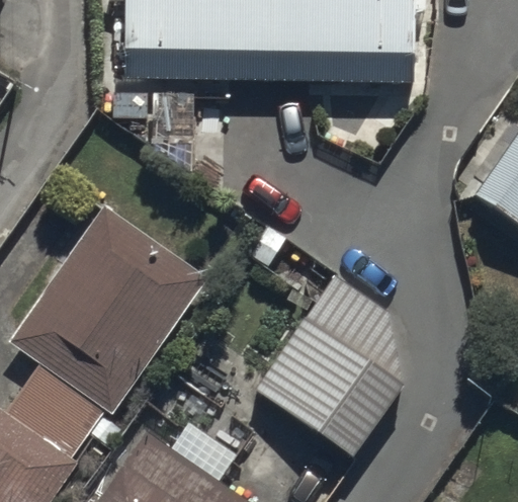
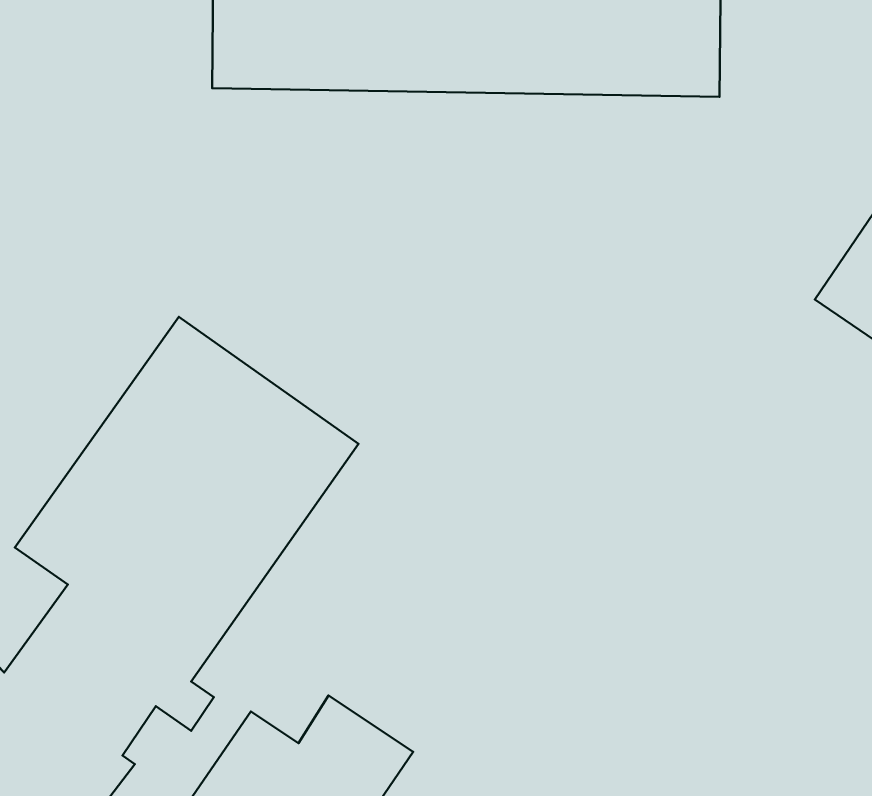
building: [249,268,407,465] -> none

